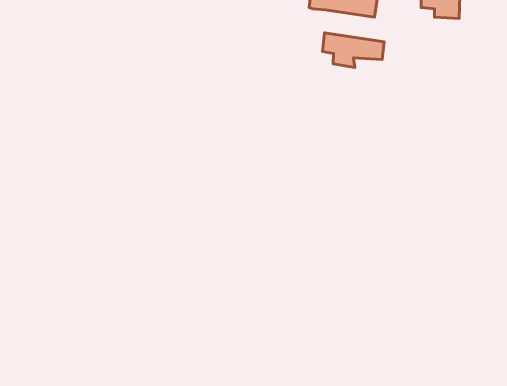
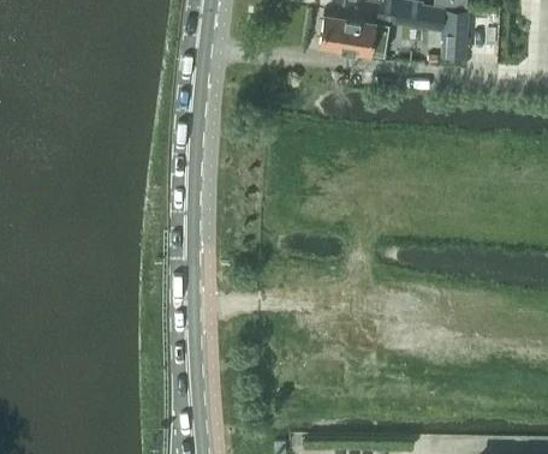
building: [323,33,384,67] -> none

